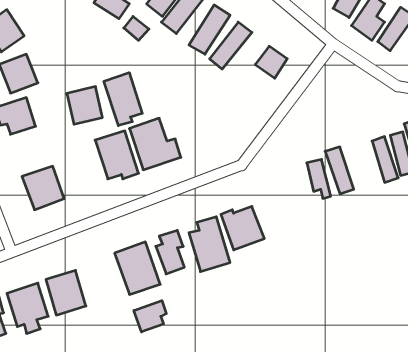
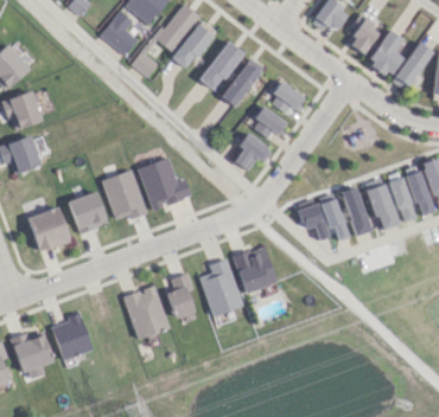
building: none -> [252,107,284,140]
building: [104,73,142,126] -> none
building: [67,87,102,124] -> [69,192,106,231]
building: none -> [234,131,272,171]
building: none -> [367,182,399,230]
building: none -> [301,203,327,239]
building: [134,301,166,332] -> none

